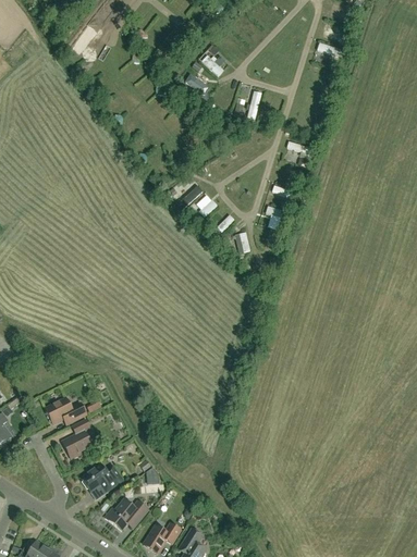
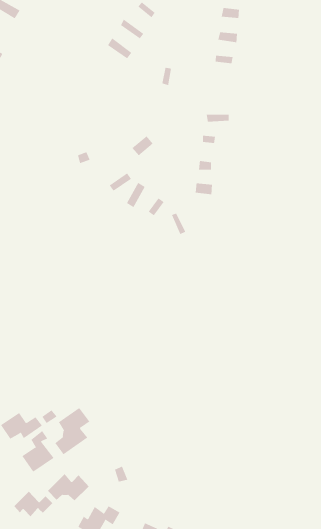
building: none -> [54,407,90,455]
building: none -> [13,491,53,517]

